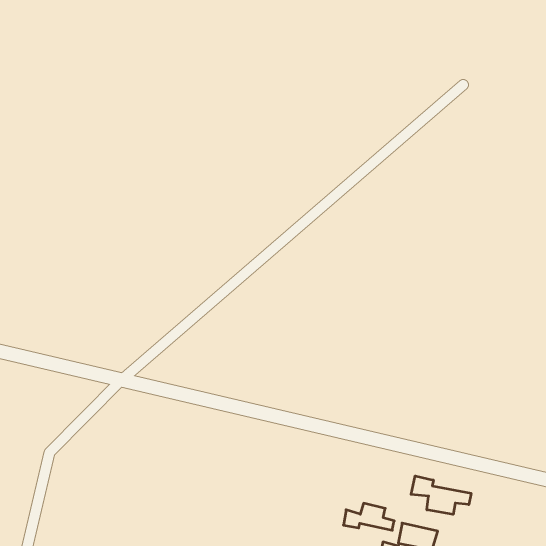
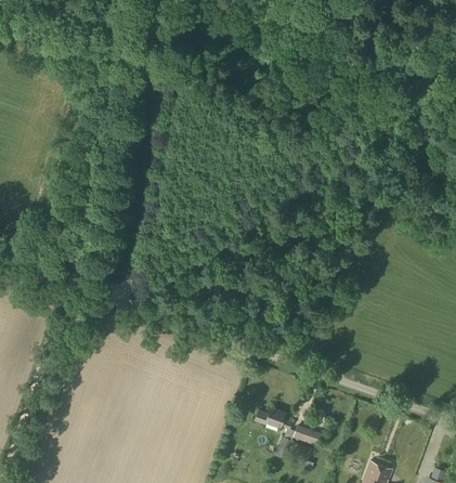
building: [411,476,471,514] -> none

